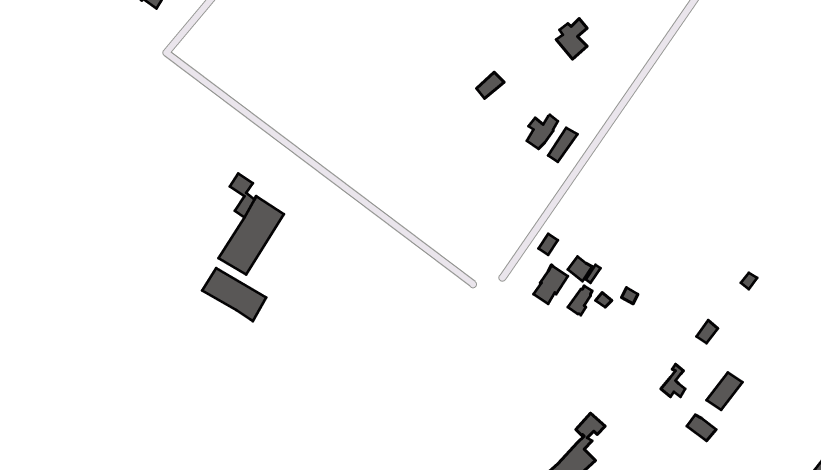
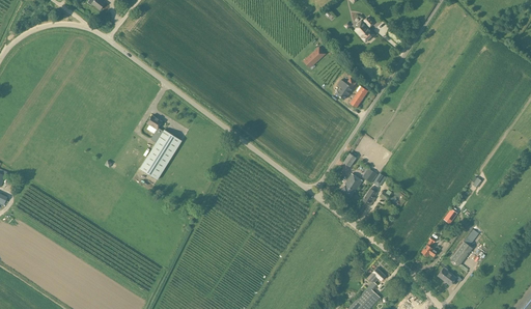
building: [202,268,266,321] -> none

